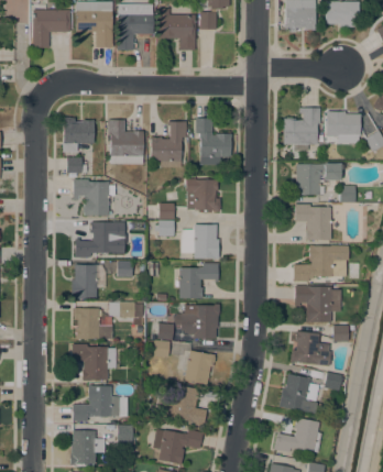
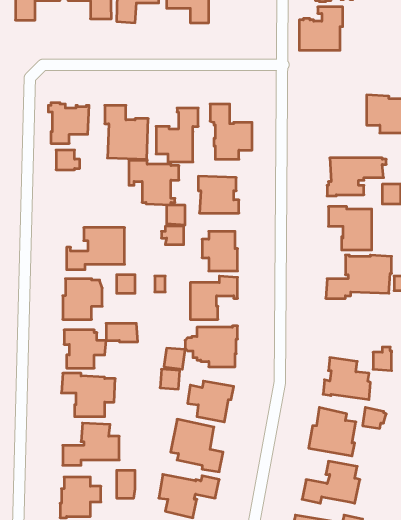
building: [284,107,320,143] -> [299,7,343,50]
building: [74,178,116,216] -> [129,160,179,205]
building: [295,285,340,322] -> none

